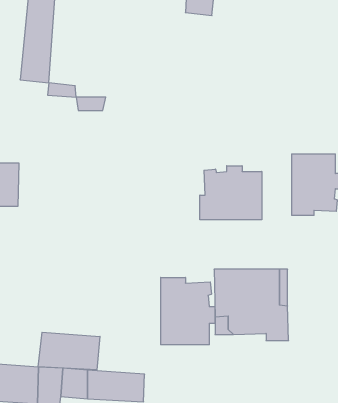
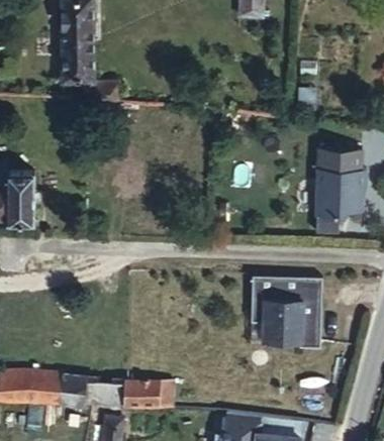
building: [200,166,262,220] -> none
building: [161,277,215,345] -> none
building: [38,332,100,370] -> none

